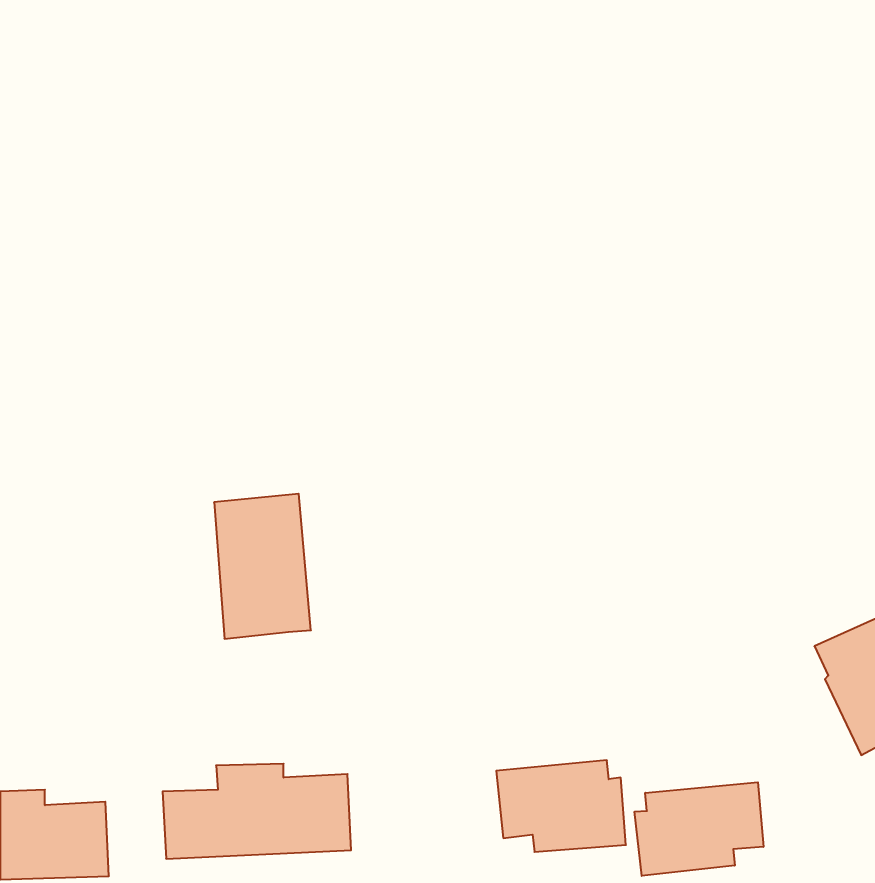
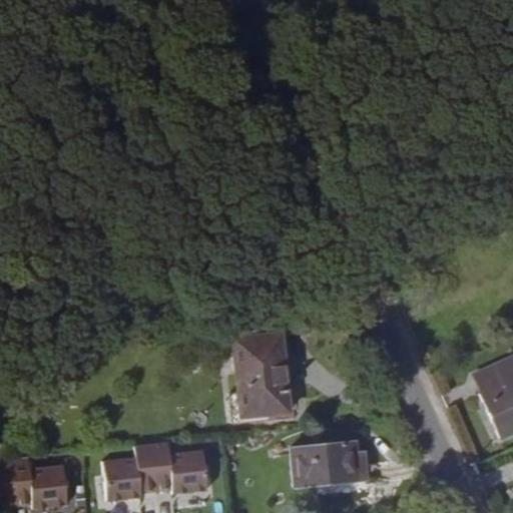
building: [214,494,311,639] -> [234,331,291,415]
building: [635,782,763,876] -> none

